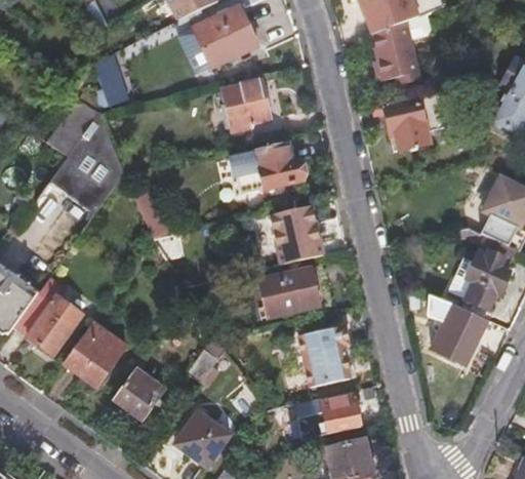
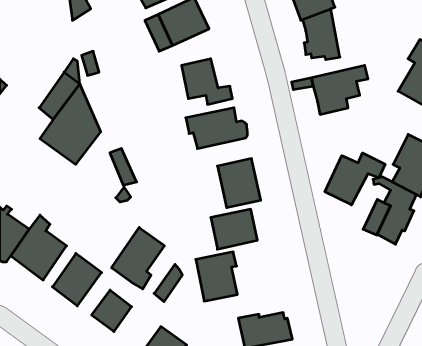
building: none -> [325,153,385,205]
building: none -> [112,227,164,289]
building: [432,306,487,364] -> none
building: [299,325,351,386] -> [196,252,237,301]

